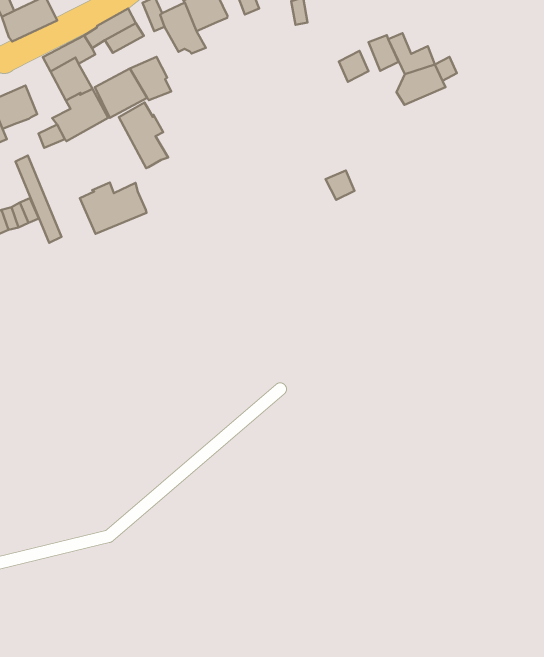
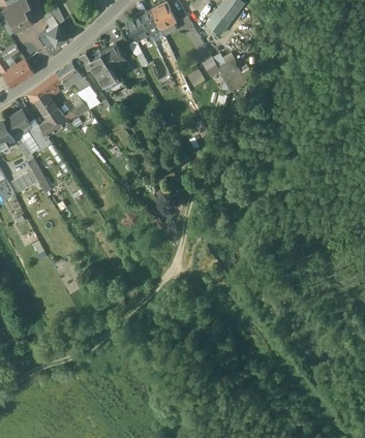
building: [119,102,168,168] -> none
building: [80,183,147,234] -> none

